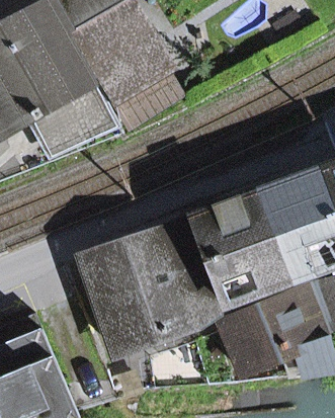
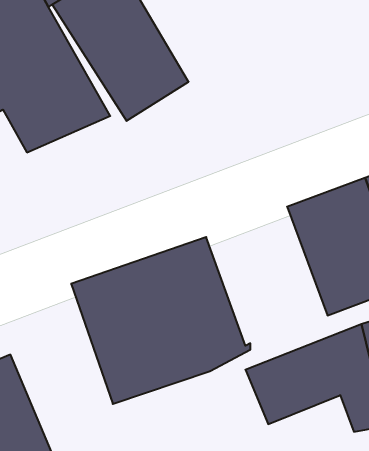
building: [191,196,288,308] -> none

